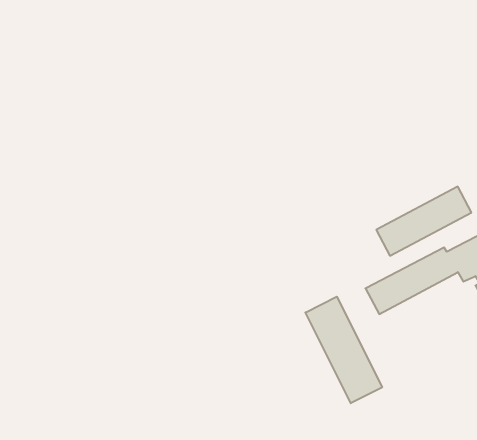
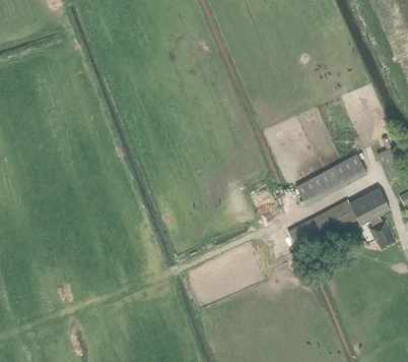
building: [305,297,382,403] -> none

